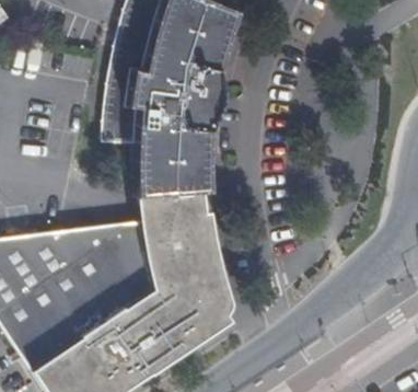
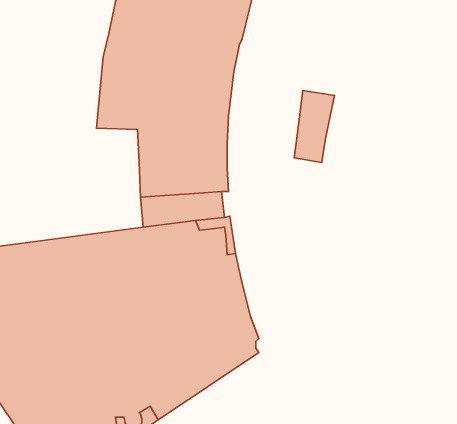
building: none -> [294,91,334,162]

